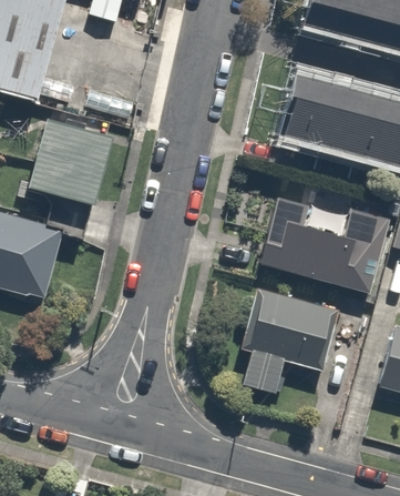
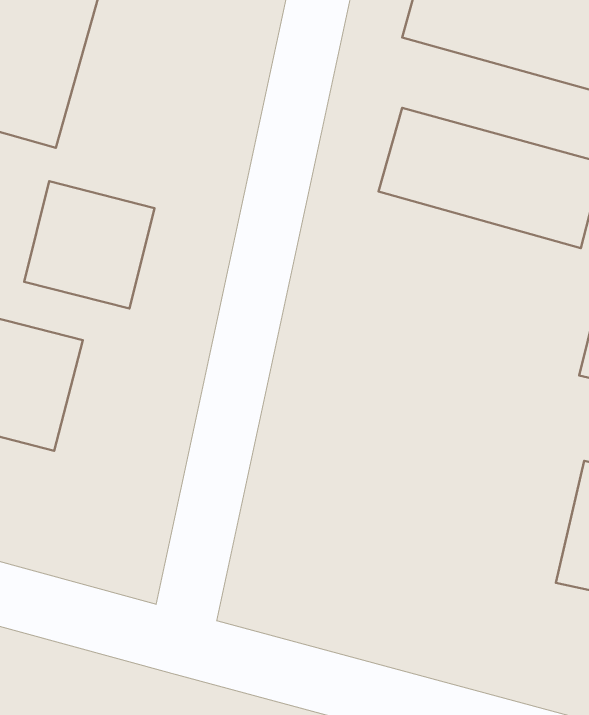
building: [263,194,393,293] -> none
building: [242,294,334,387] -> none

